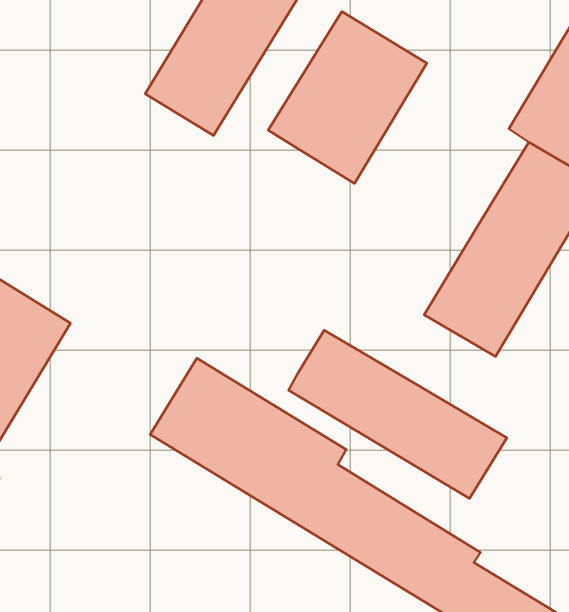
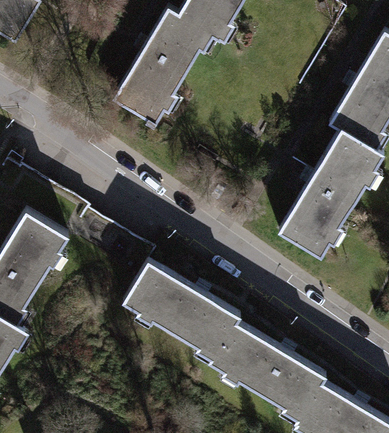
building: [268,11,427,184] -> none
building: [288,330,507,498] -> none

